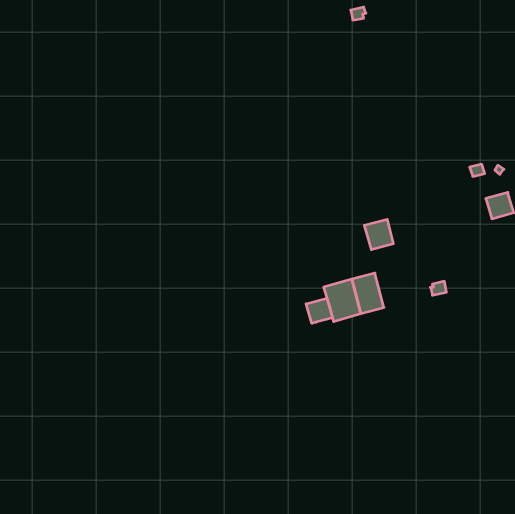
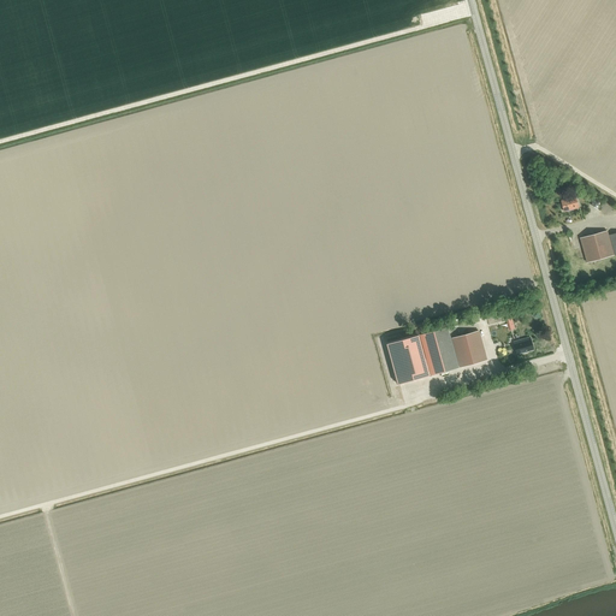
building: [364,219,393,250] -> [451,330,486,366]
building: [306,298,333,323] -> none

